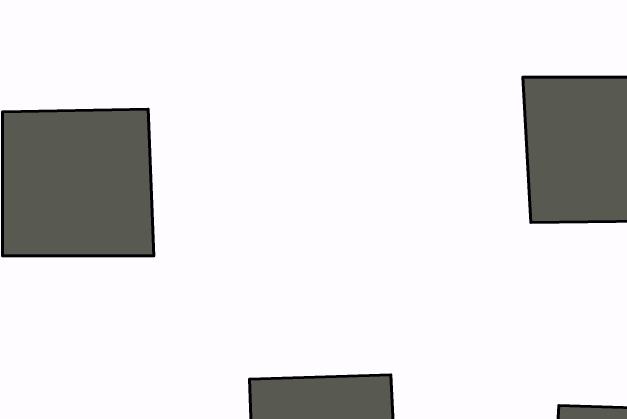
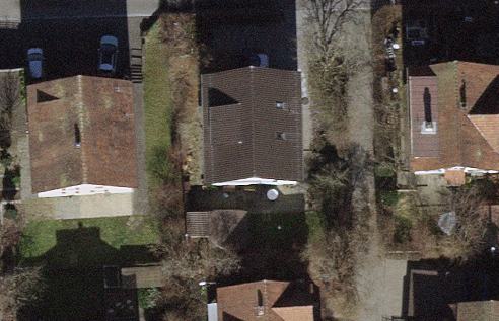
building: none -> [203,75,307,182]

